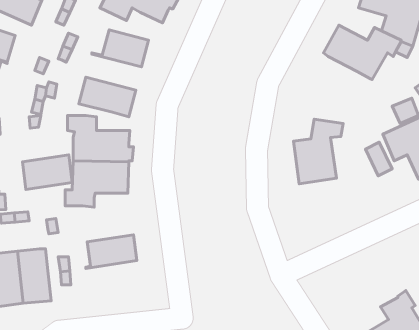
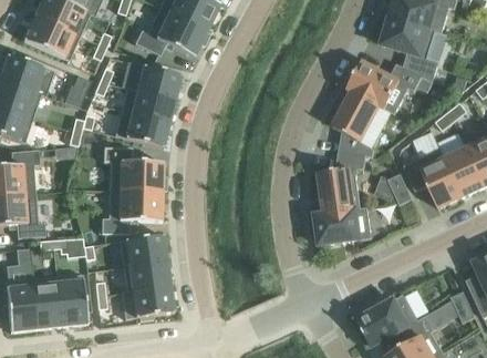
building: none -> [122,88,175,122]
building: none -> [334,90,393,155]
building: [22,155,72,190] -> [120,234,167,267]
building: none -> [315,205,373,244]
building: none -> [122,285,175,320]
building: none -> [358,293,419,346]

